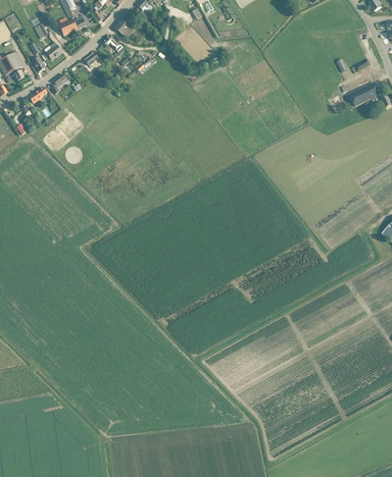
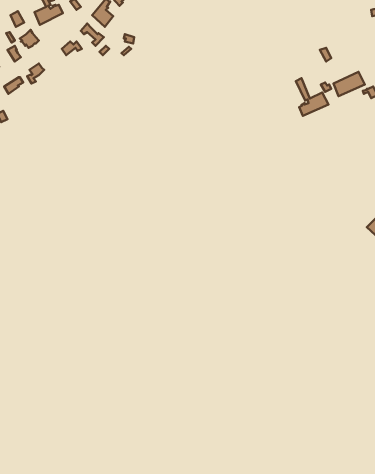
building: none -> [296,78,328,116]

